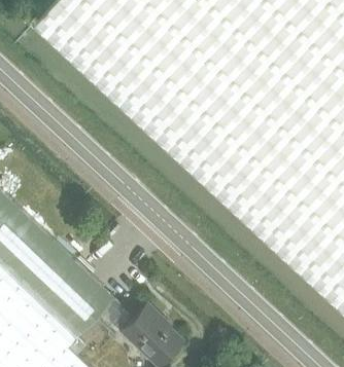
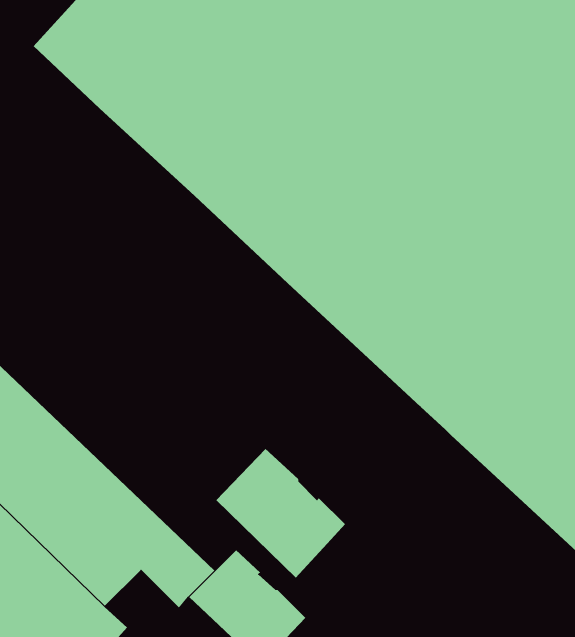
building: none -> [215,448,346,578]

